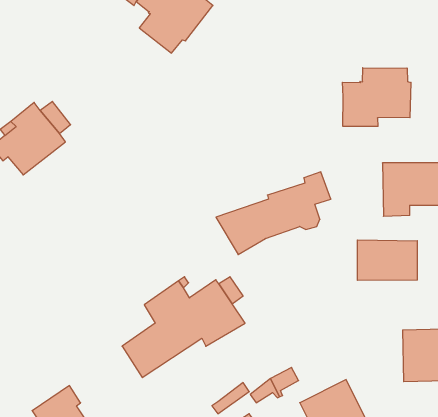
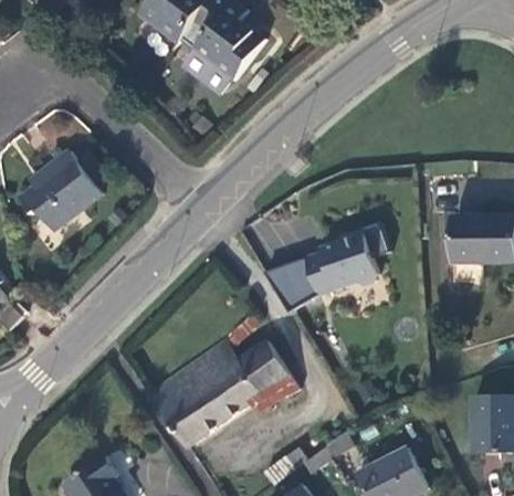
building: [342,68,411,126] -> none
building: [357,240,417,280] -> none
building: none -> [149,367,199,412]

